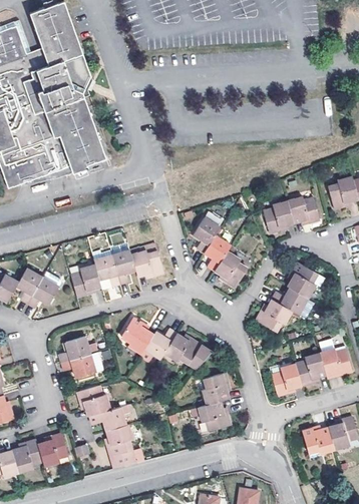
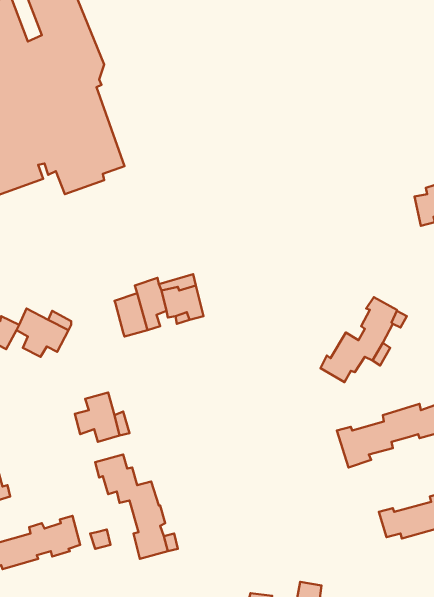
building: [264,194,317,229] -> none
building: [195,214,249,285] -> none
building: [71,267,101,301] -> none
building: [124,316,203,362] -> none
building: [193,373,232,430] -> none

